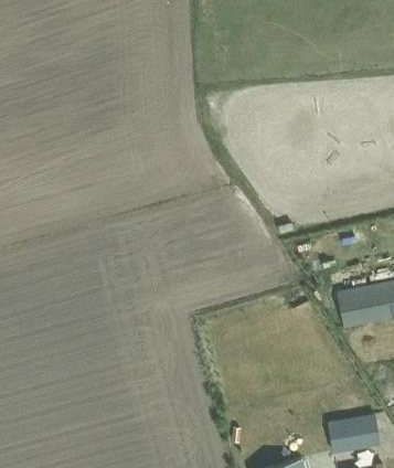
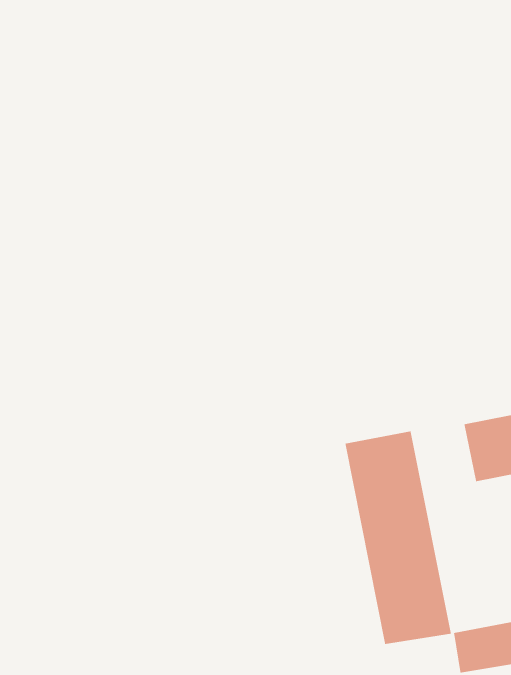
building: none -> [344,431,452,645]

